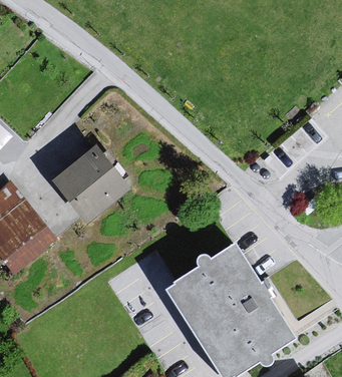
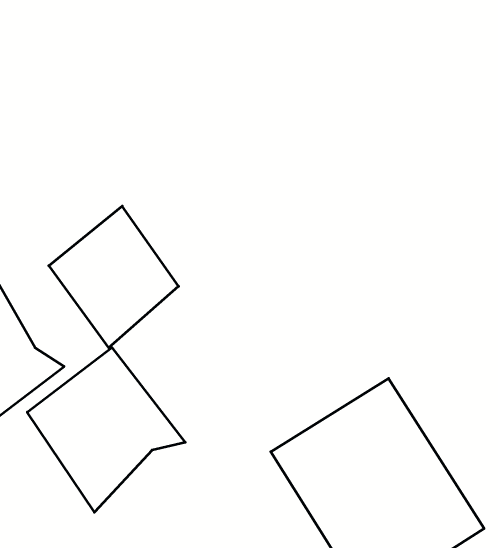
building: none -> [27,347,185,512]

